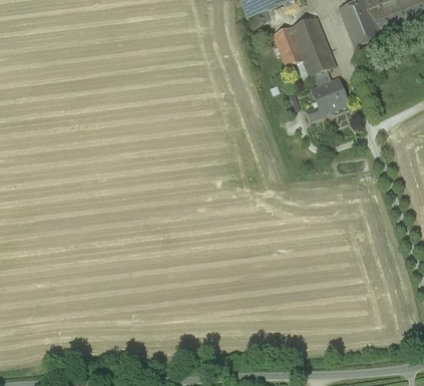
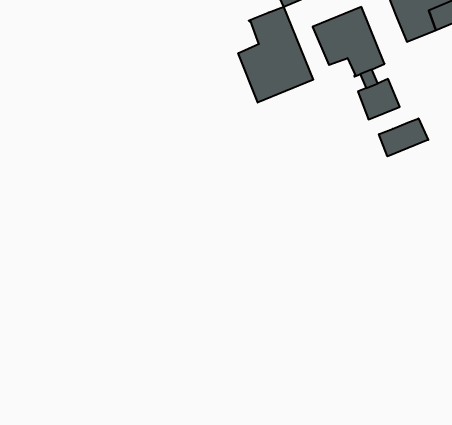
building: none -> [238,7,313,103]
building: none -> [379,118,428,156]

